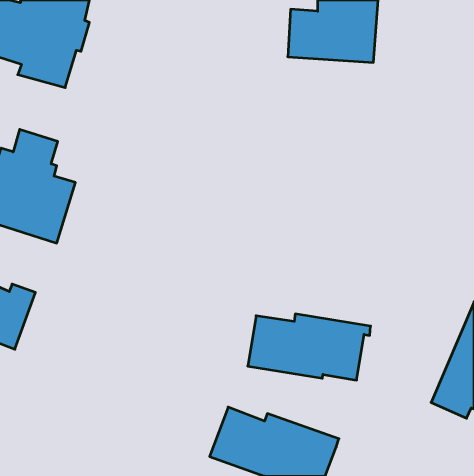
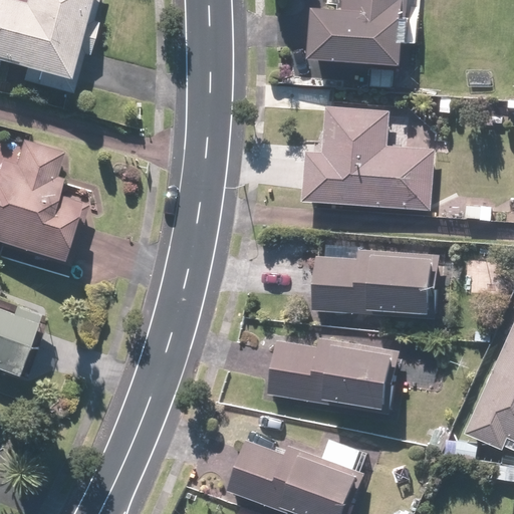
building: none -> [303,106,436,211]
building: none -> [311,250,441,322]

